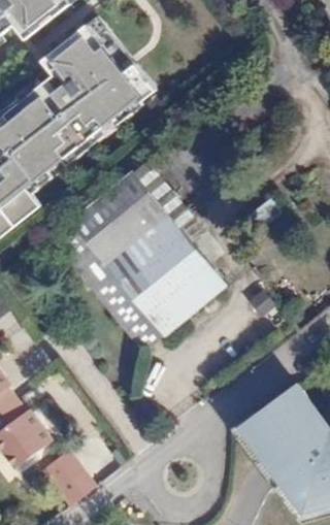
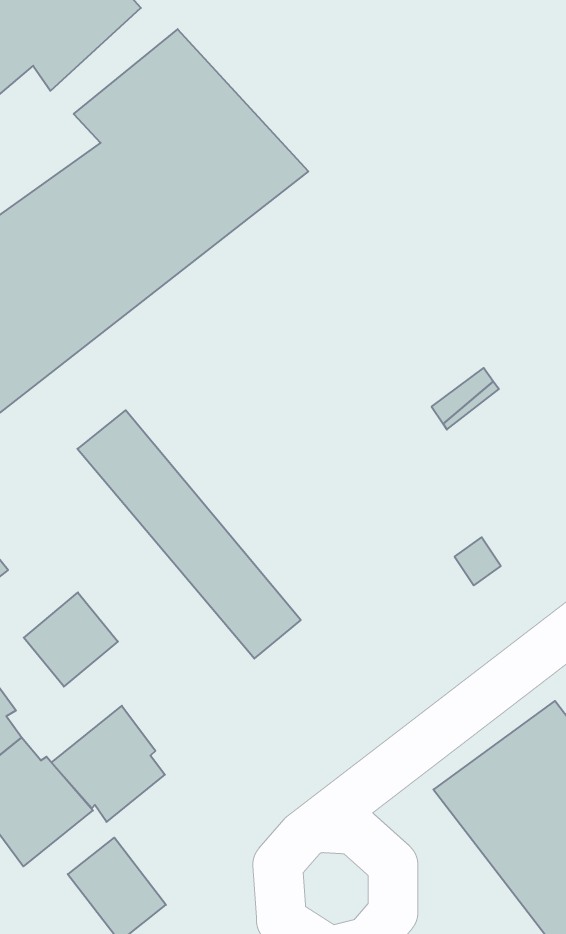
building: [71,165,220,334] -> none
building: none -> [24,592,118,687]
building: none -> [52,706,165,822]

